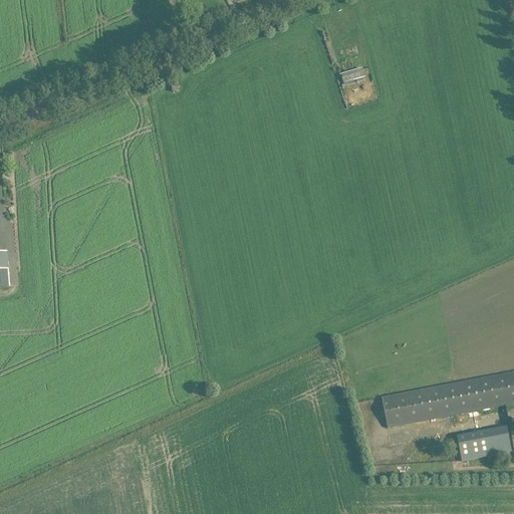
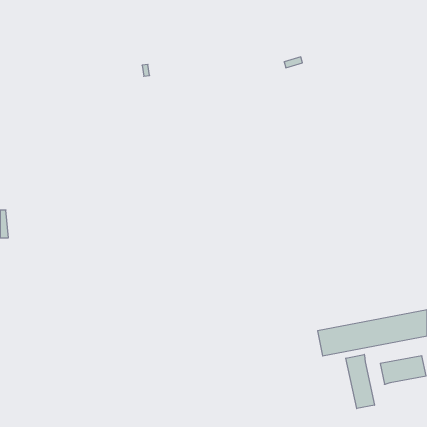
building: none -> [346,354,374,409]

